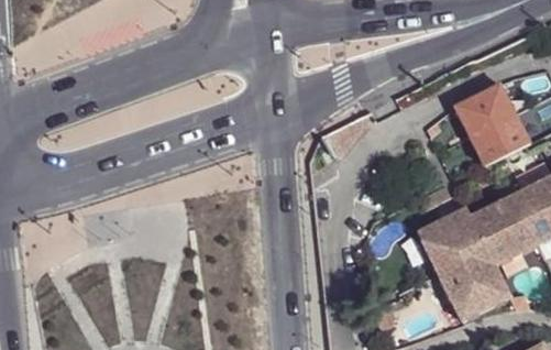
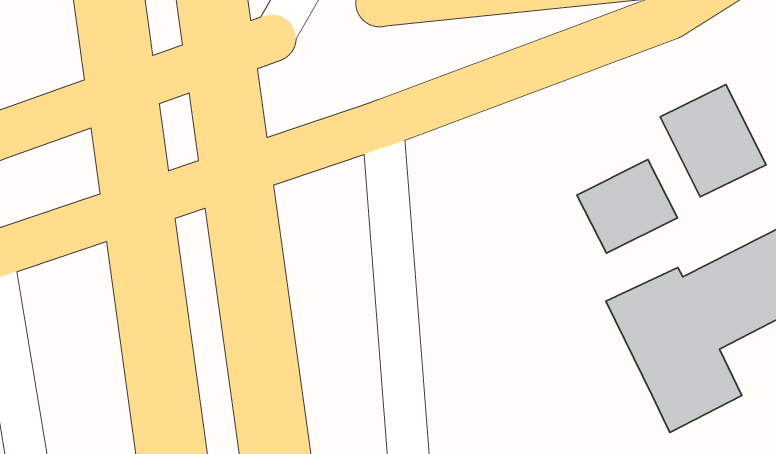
building: none -> [577,160,678,253]

